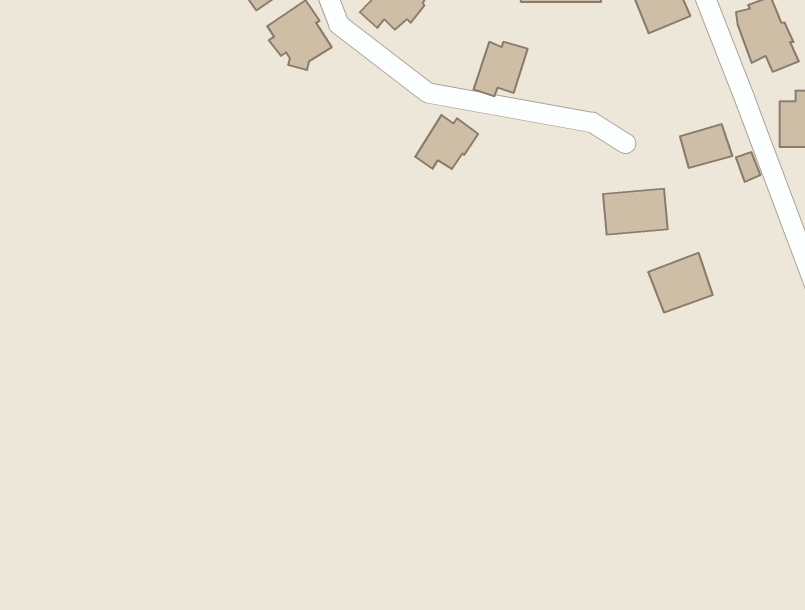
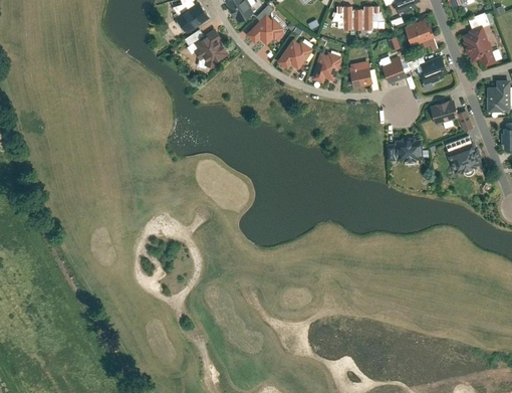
building: none -> [421,56,447,92]
building: none -> [382,57,408,84]
building: none -> [349,60,373,88]
building: [415,115,478,169] -> [277,38,313,69]
building: [648,253,713,312] -> [446,141,483,175]

